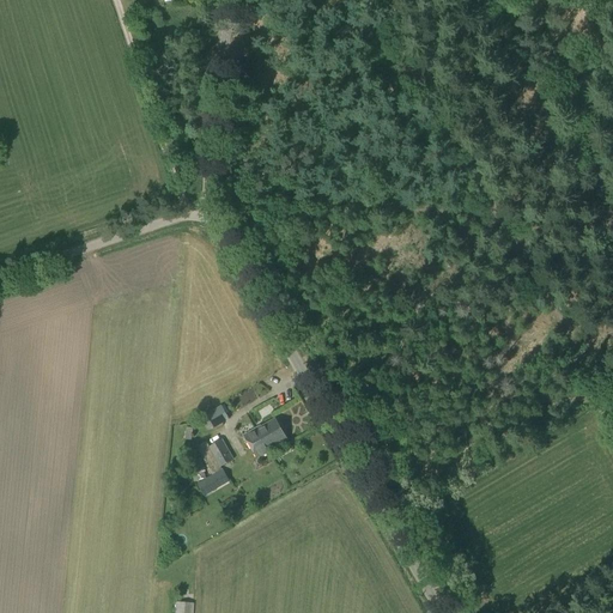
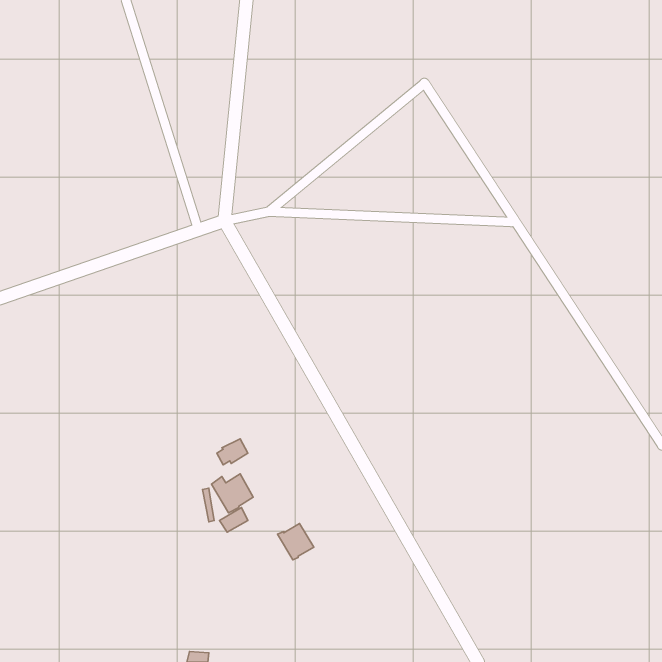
building: [254,418,287,451] -> [277,524,314,560]

